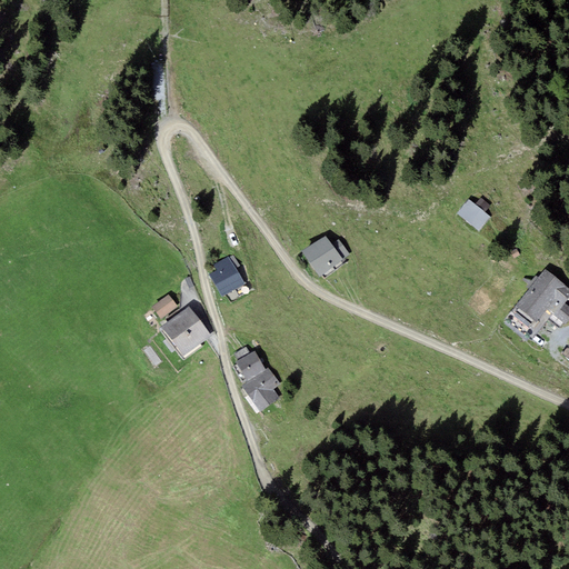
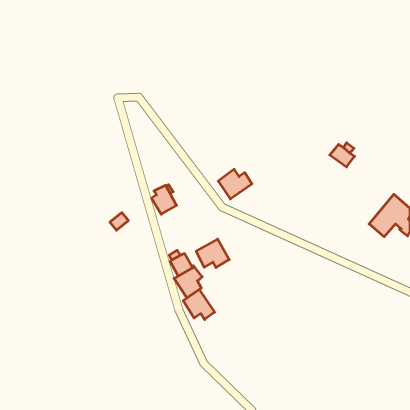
building: [161,306,211,356] -> none
building: none -> [196,239,229,268]
building: none -> [183,289,215,320]

